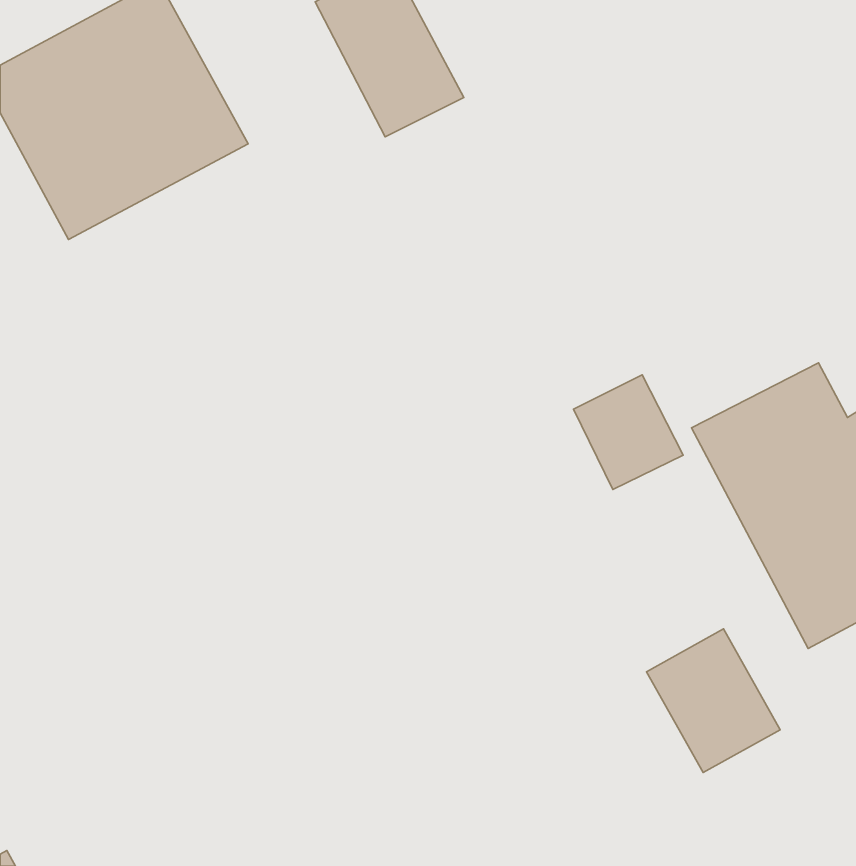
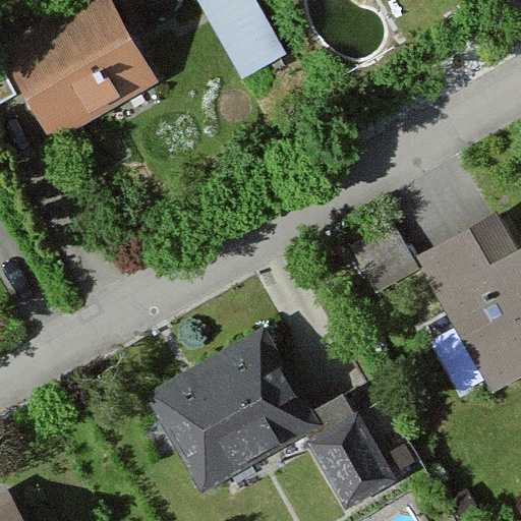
building: none -> [148,329,317,489]
building: [647,629,780,773] -> [311,421,391,507]

